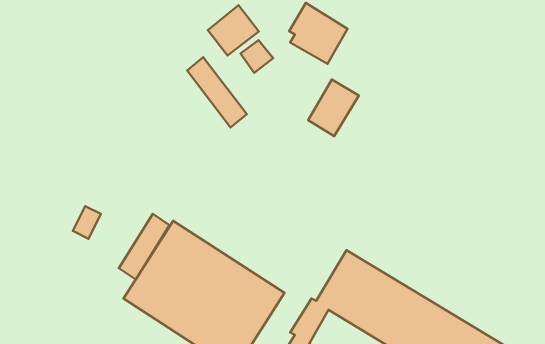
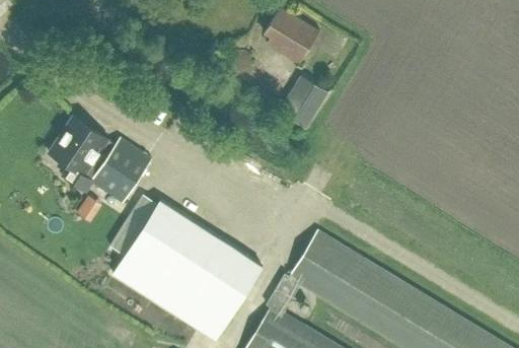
building: [208,5,259,55] -> none
building: [187,57,247,127] -> none
building: none -> [50,117,153,203]

